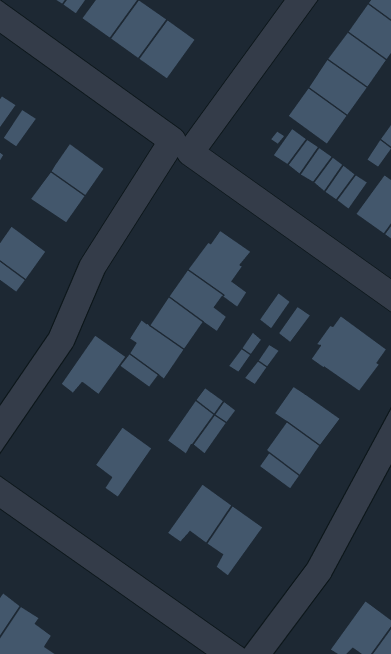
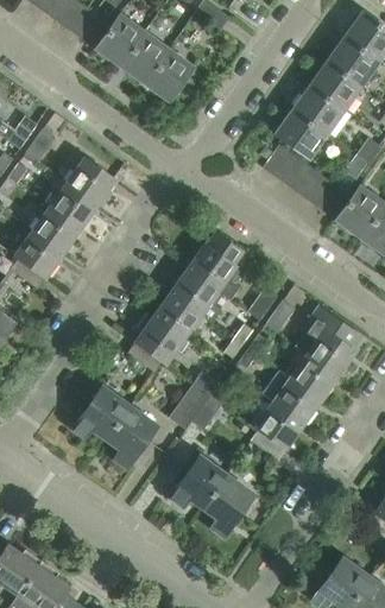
building: none -> [33,205,82,252]
building: [61,335,126,395] -> [74,386,131,438]
building: none -> [291,353,339,398]

